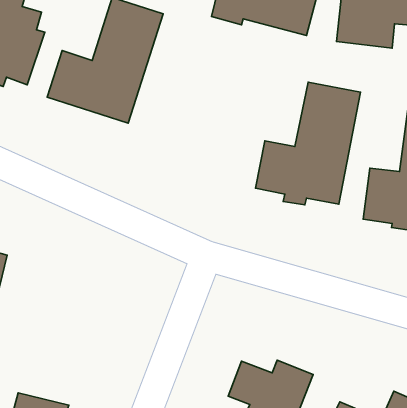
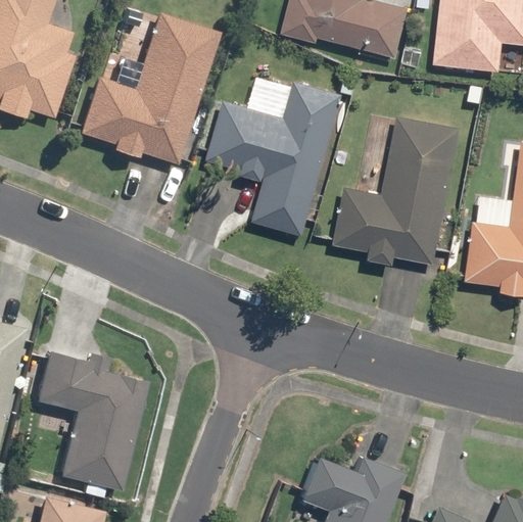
building: none -> [205,80,344,238]
building: none -> [34,349,149,490]

